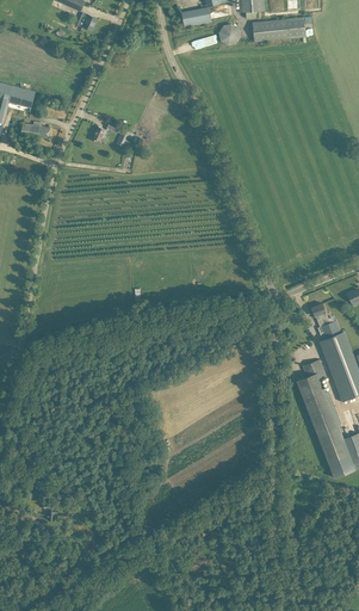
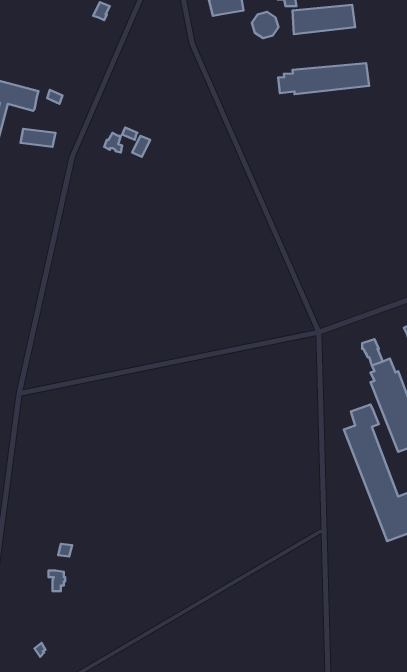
building: none -> [278,63,369,94]

